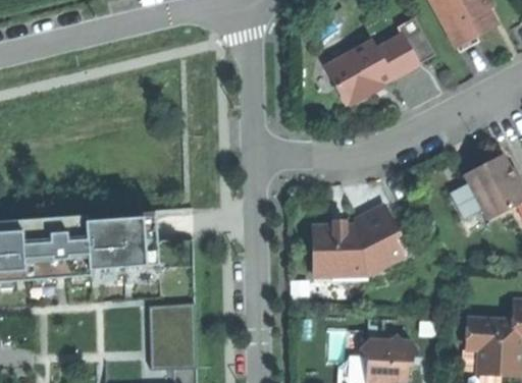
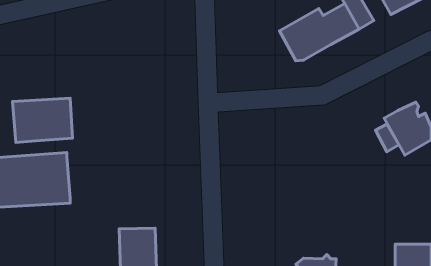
building: [320,206,411,275] -> none
building: [81,214,152,267] -> [13,98,73,143]

